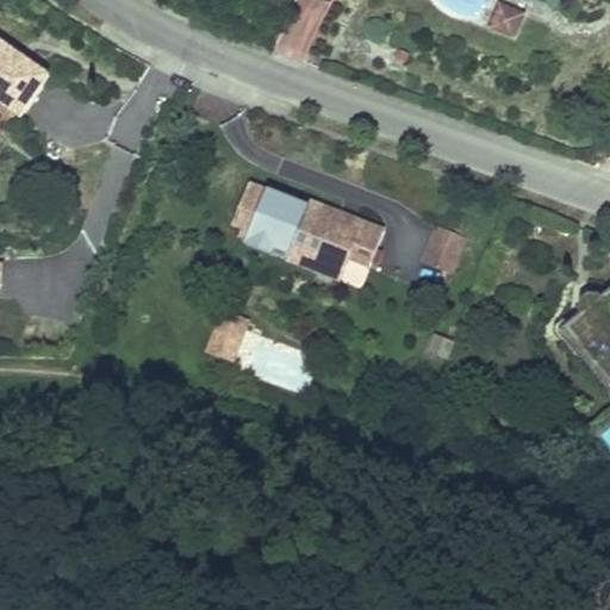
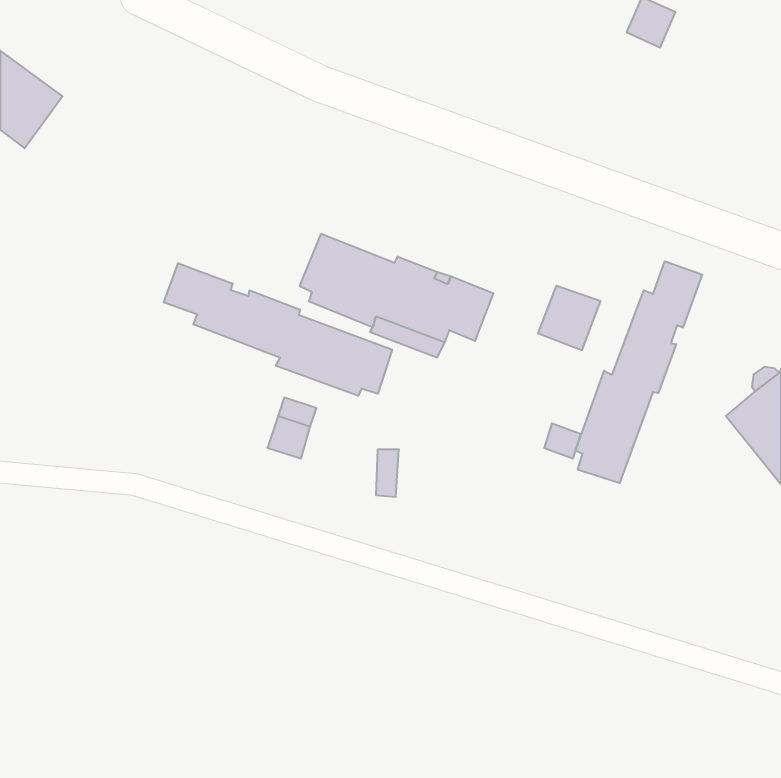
building: none -> [576,261,702,483]
building: none -> [164,263,392,396]

